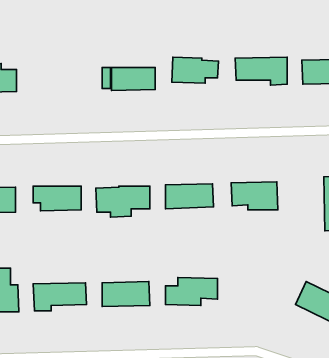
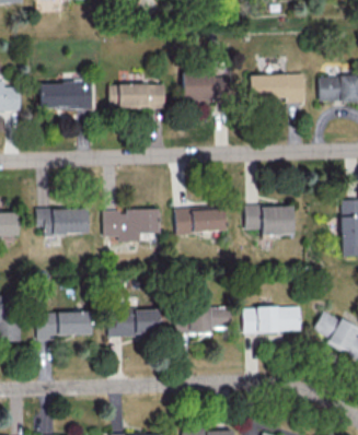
building: none -> [42,83,92,109]
building: none -> [244,307,302,332]

